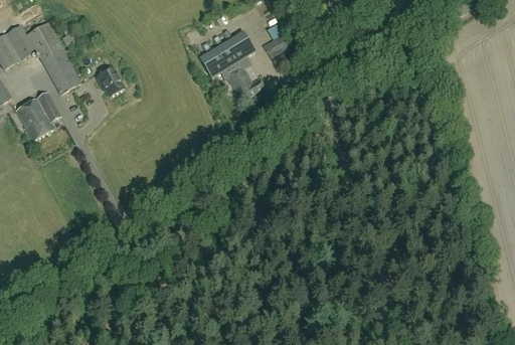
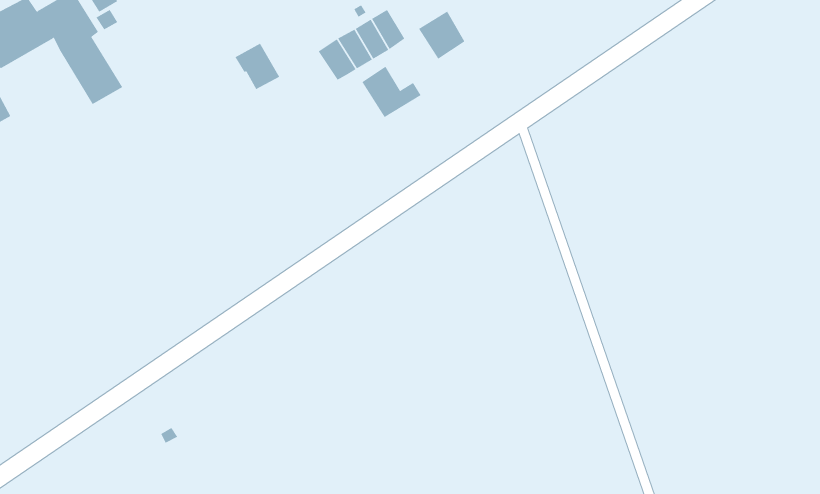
building: [96,67,124,97] -> [235,43,280,90]
building: [15,91,60,140] -> none

